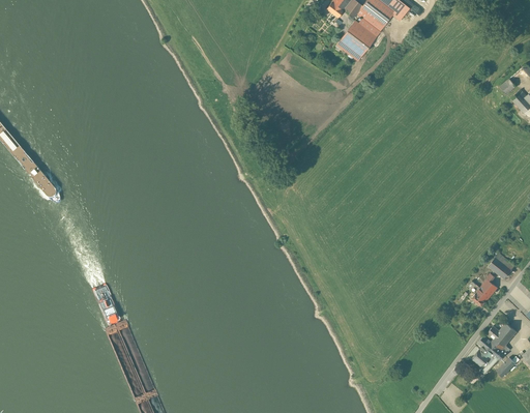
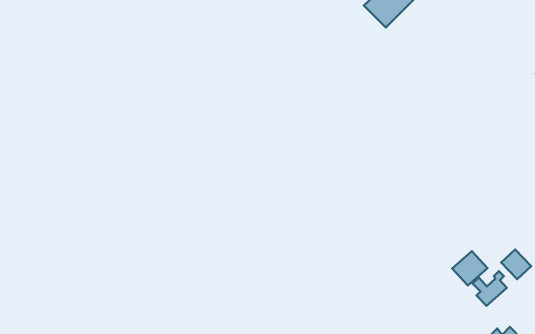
building: none -> [452,251,487,286]

